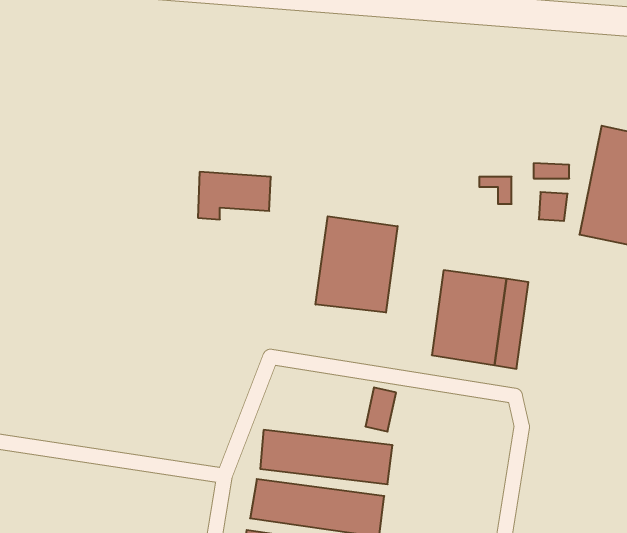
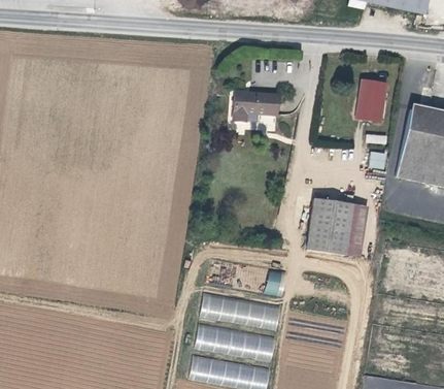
building: none -> [356,79,386,121]
building: [198,172,271,219] -> [234,90,278,119]
building: [316,216,398,313] -> none

